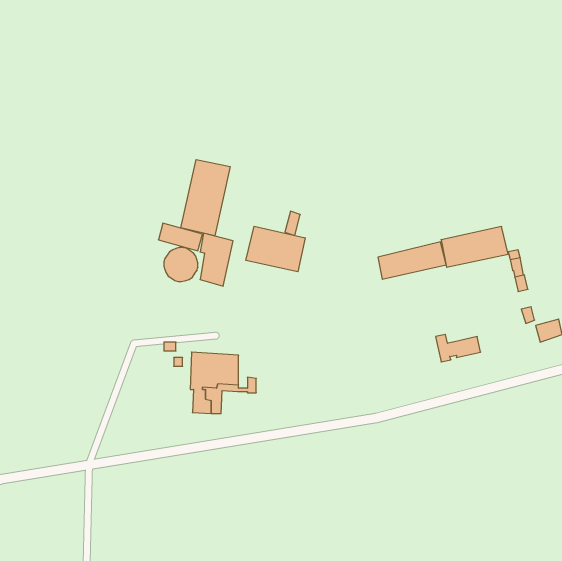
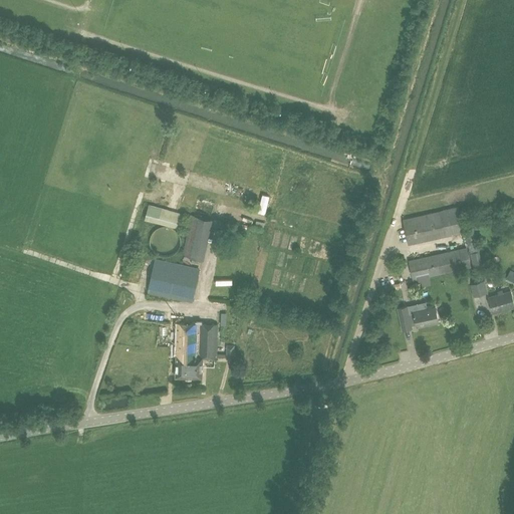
building: [181,160,230,236] -> none
building: [246,226,305,272] -> none
building: [378,242,446,279] -> [409,247,471,281]
building: none -> [149,261,198,301]

